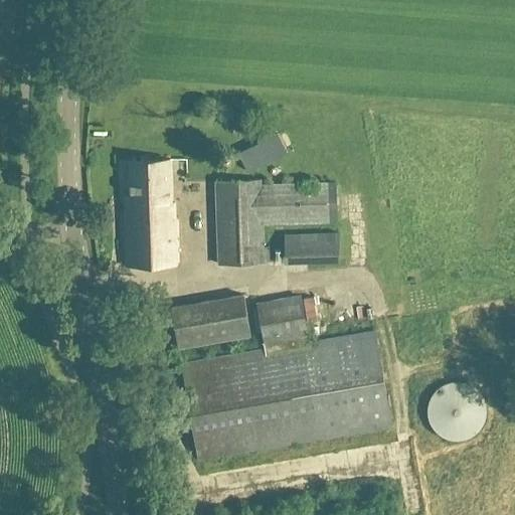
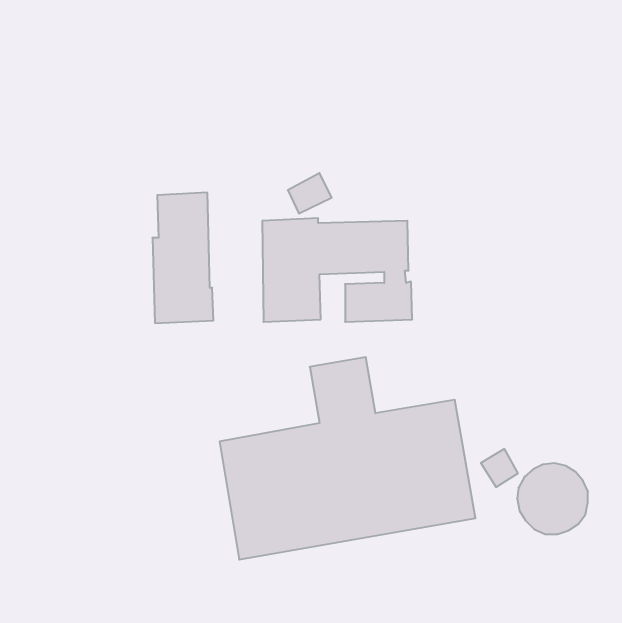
building: [172,297,250,348] -> none
building: none -> [481,449,518,487]

